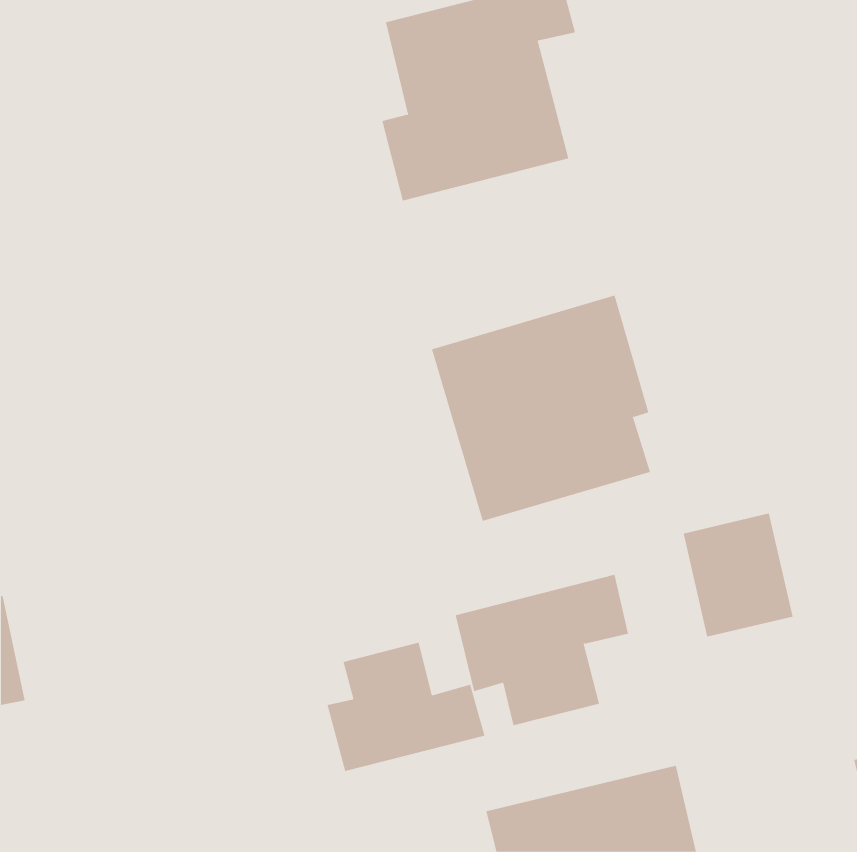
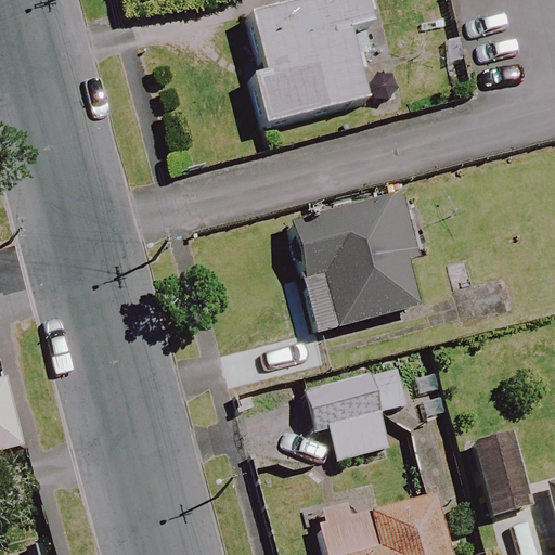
building: [683,513,793,637] -> [463,436,533,515]
building: [327,642,485,772] -> none

